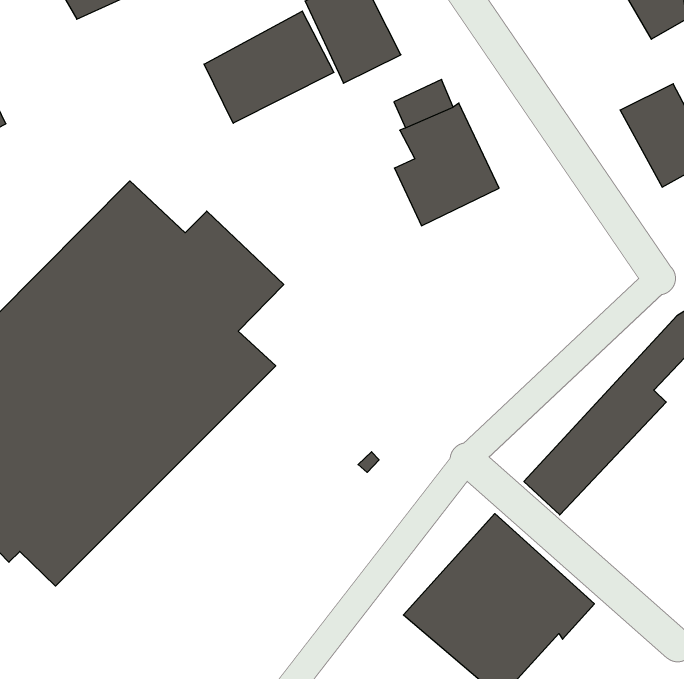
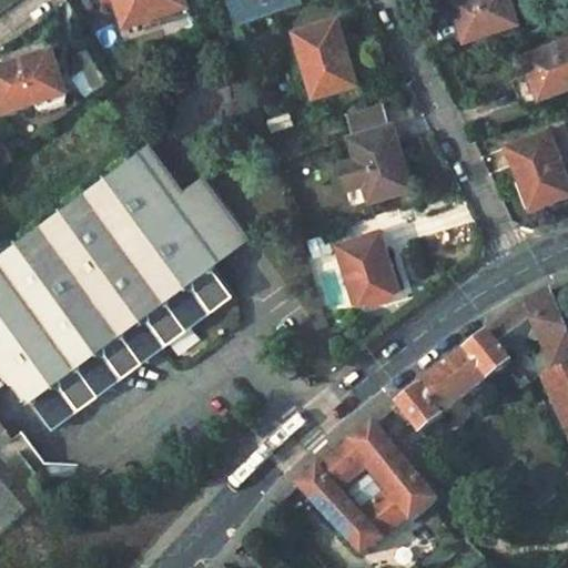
building: [204,11,334,123] -> none
building: none -> [337,233,399,310]

